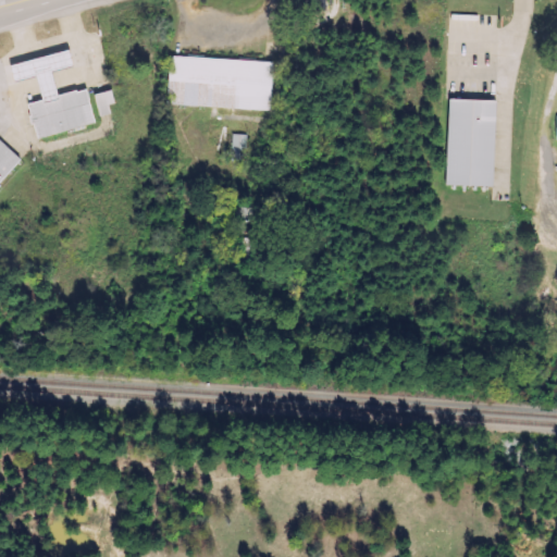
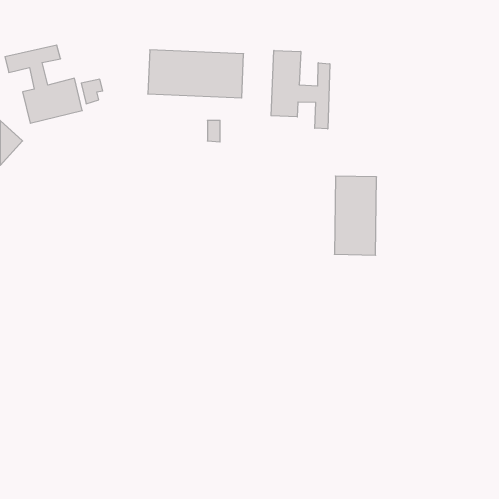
building: none -> [271,50,330,129]
building: [448,98,495,186] -> [334,176,377,255]

